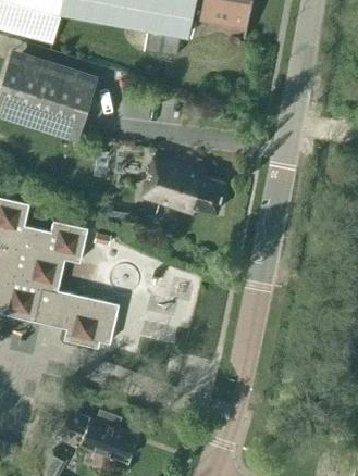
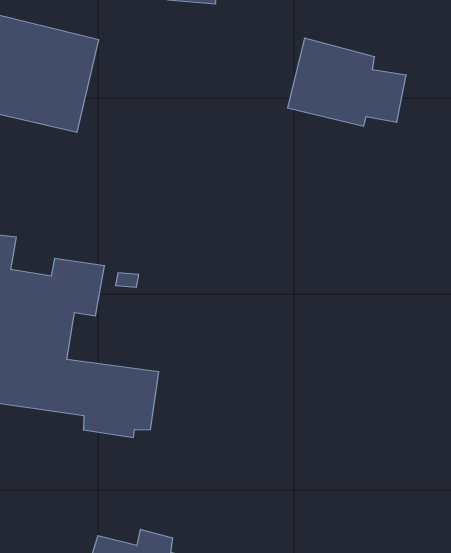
building: [141,152,224,215] -> [288,38,406,126]

